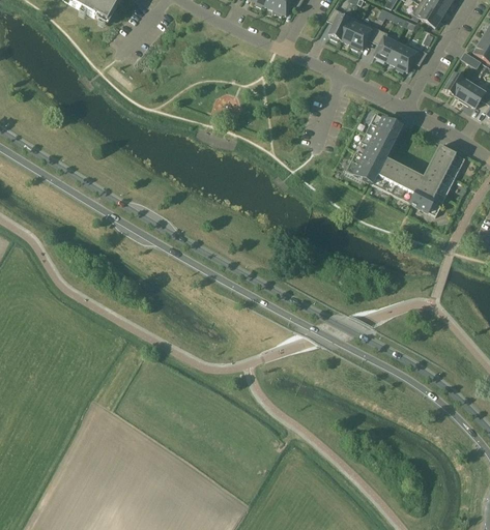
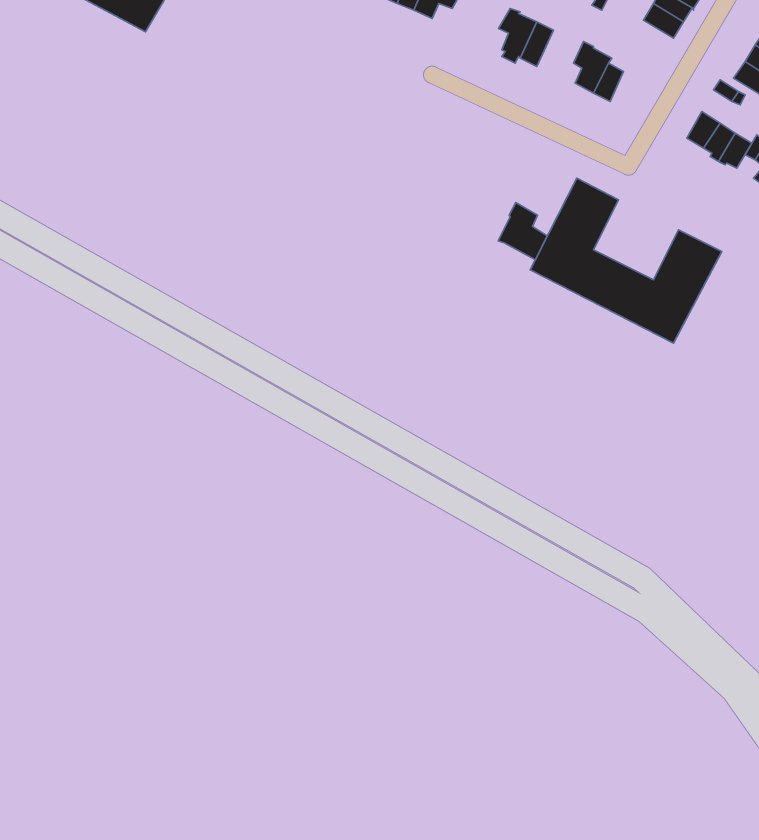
building: [351,21,380,52] -> none
building: [397,42,428,70] -> none
building: none -> [498,202,547,260]

